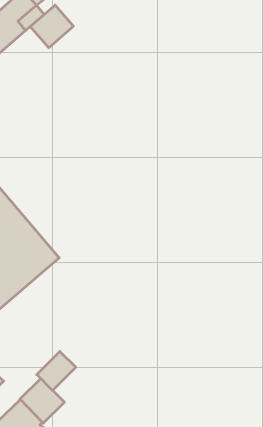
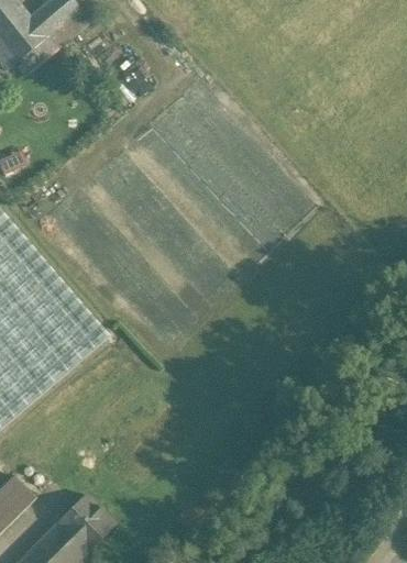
building: [30,5,73,48] -> none
building: [37,351,76,390] -> none

